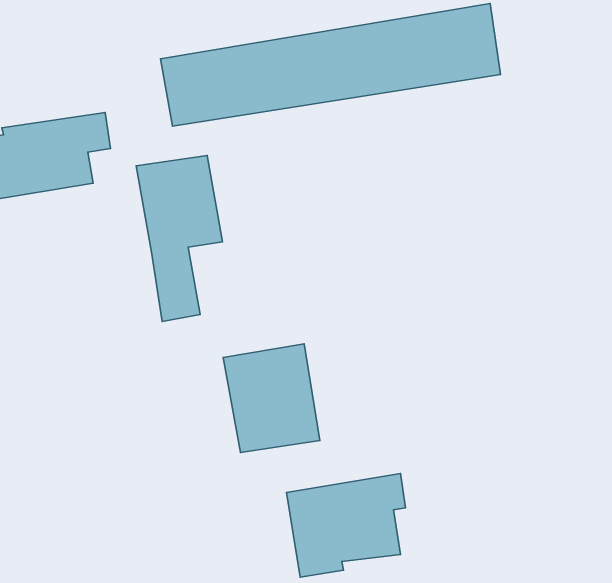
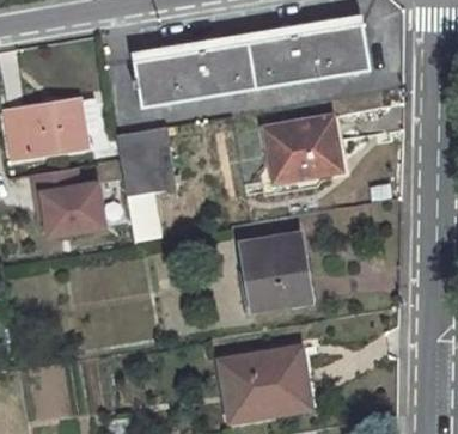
building: none -> [264,116,341,182]
building: none -> [30,166,105,240]
building: [223,344,320,453] -> [242,234,309,310]

